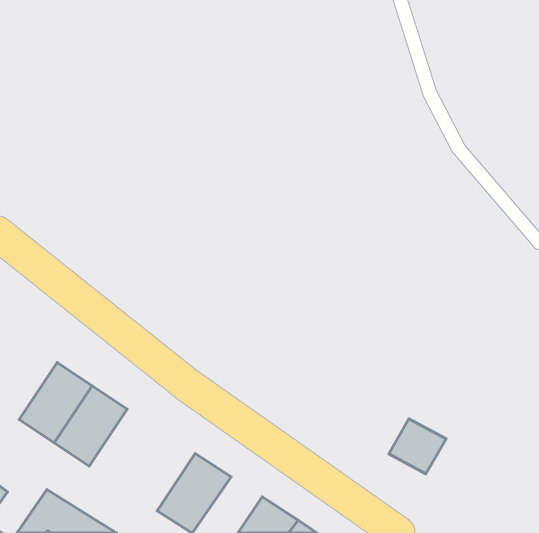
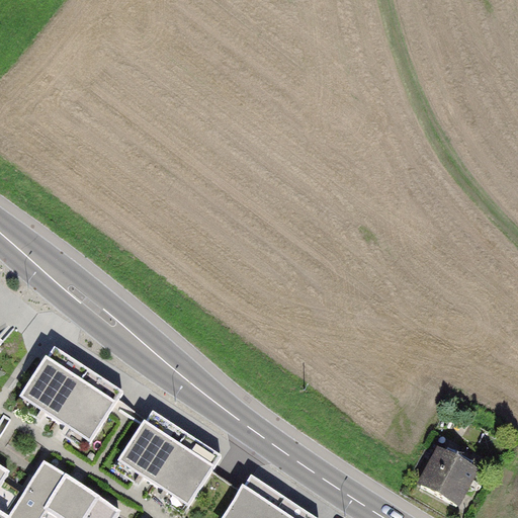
building: [389,419,446,474] -> [419,447,473,500]
building: none -> [116,411,186,488]

